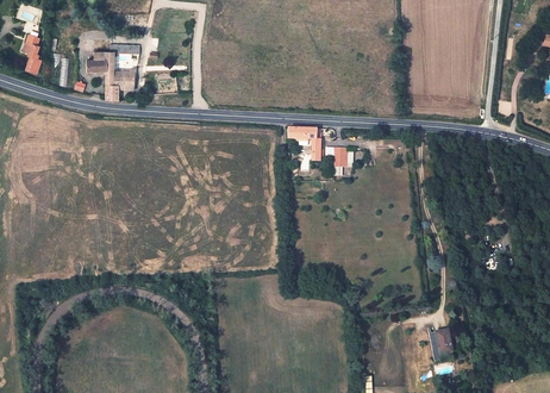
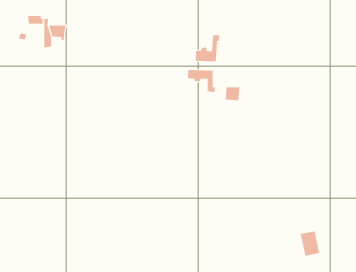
building: none -> [195,34,219,62]

